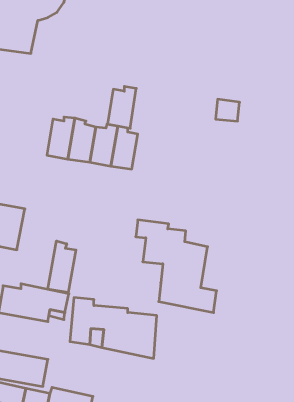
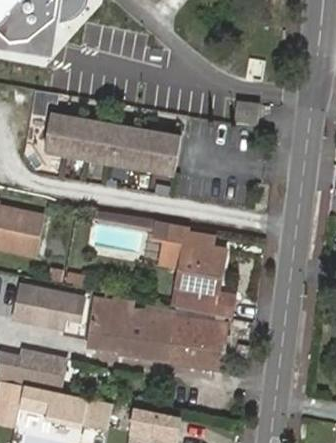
building: [107,86,136,128] -> [150,134,179,176]
building: none -> [43,114,71,158]
building: [48,241,76,292] -> none
building: none -> [172,319,227,367]

